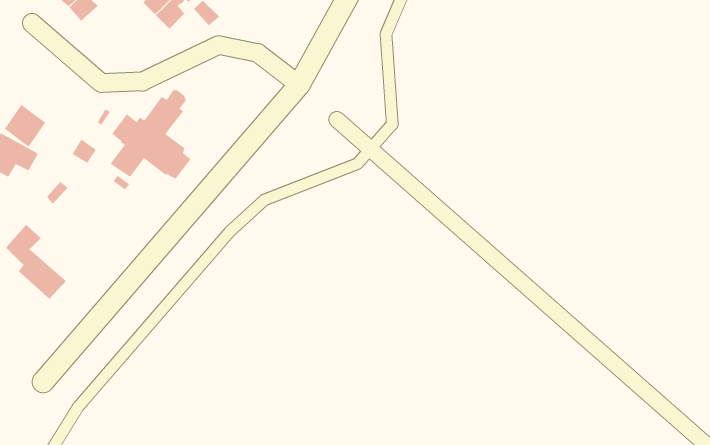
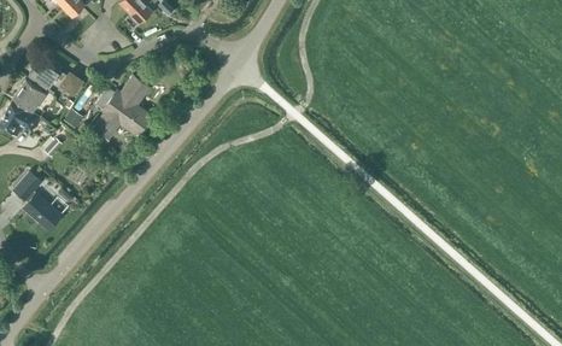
building: none -> [29,58,82,96]

